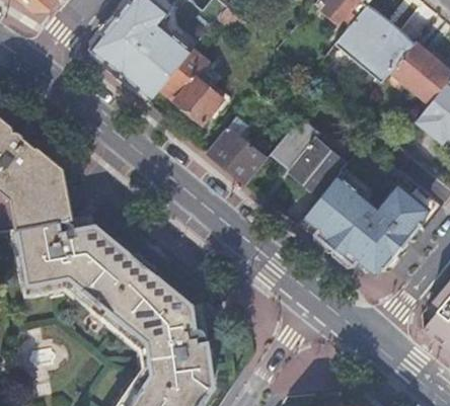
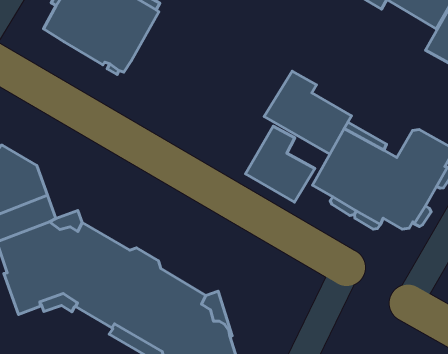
building: [159,50,227,125] -> none
building: [205,116,266,185] -> [246,126,315,202]

